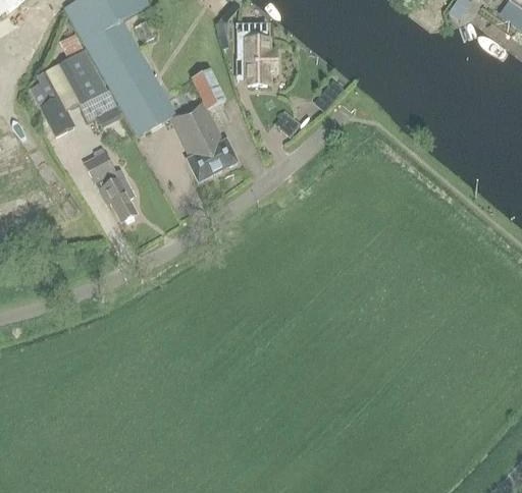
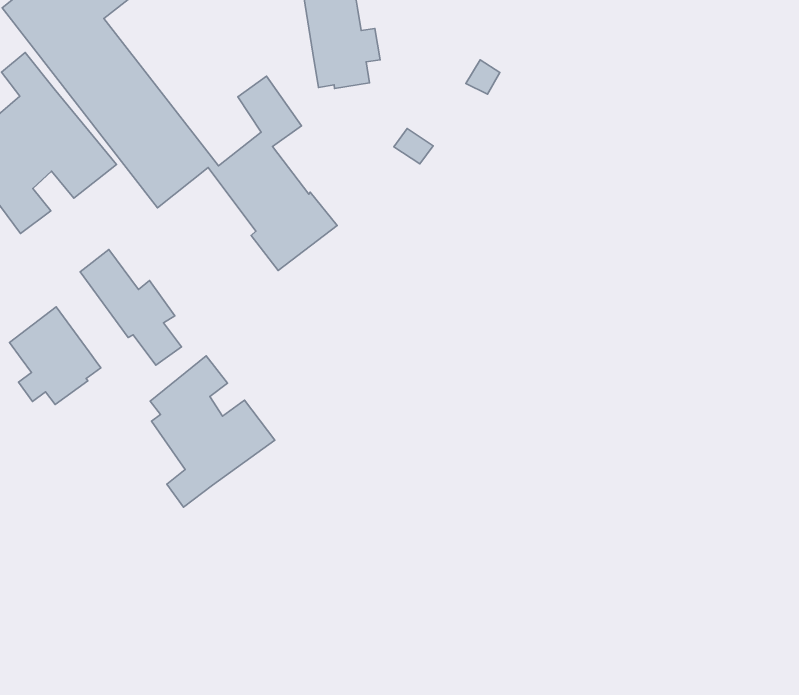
building: none -> [10,307,101,405]
building: none -> [150,356,275,507]

